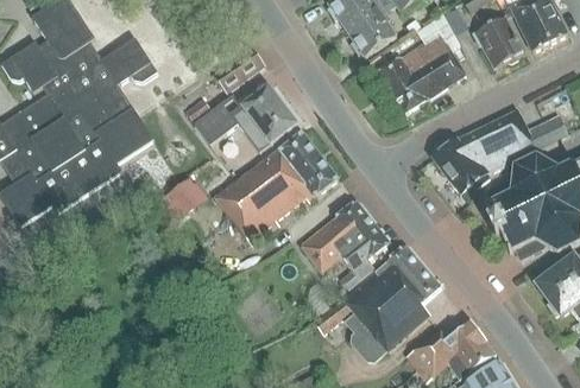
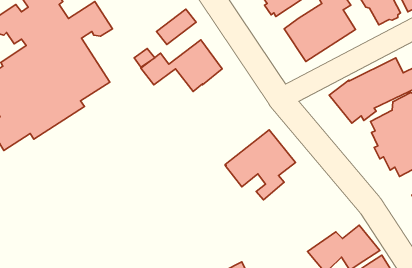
building: [213,133,336,246] -> none
building: [168,177,206,212] -> none
building: [313,244,440,362] -> none

